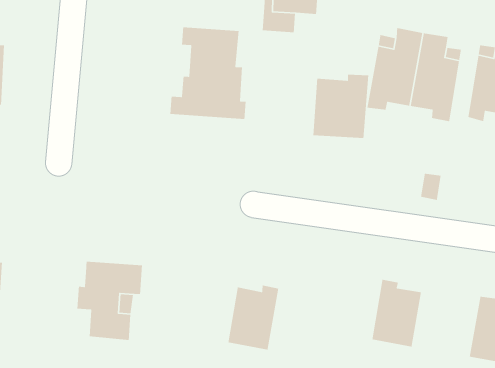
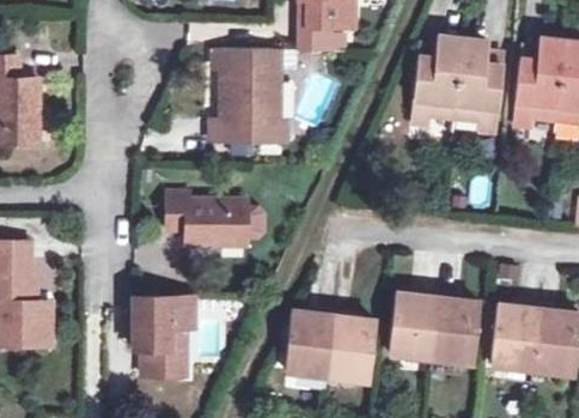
building: [313,74,369,139] -> none
building: none -> [167,194,264,247]
building: none -> [390,292,439,358]
building: none -> [328,311,377,381]
building: none -> [492,303,541,369]

